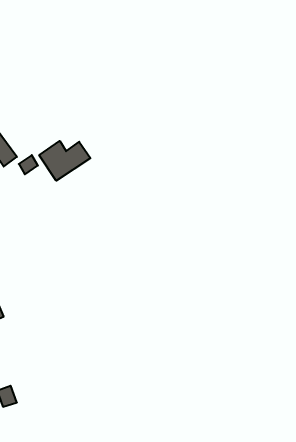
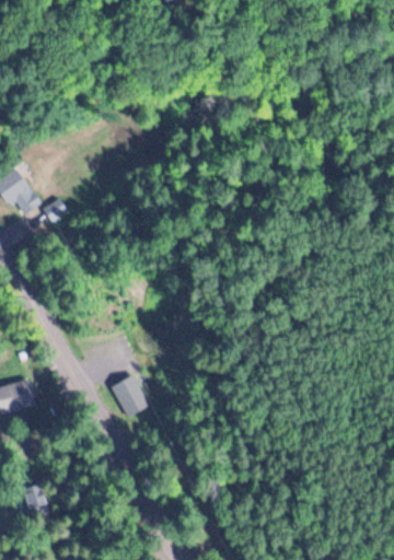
building: [39,141,90,181] -> none
building: none -> [113,374,149,410]

